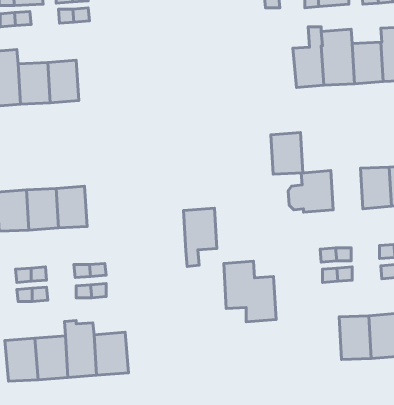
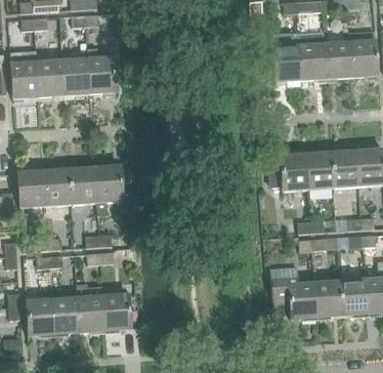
building: none -> [86,48,115,94]
building: [271,132,303,174] -> [305,153,333,189]
building: [184,208,217,266] -> [93,166,122,216]
building: [224,261,276,322] -> [269,267,314,320]

